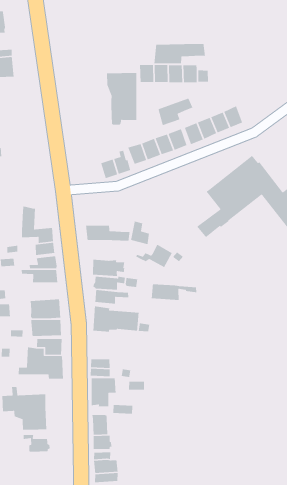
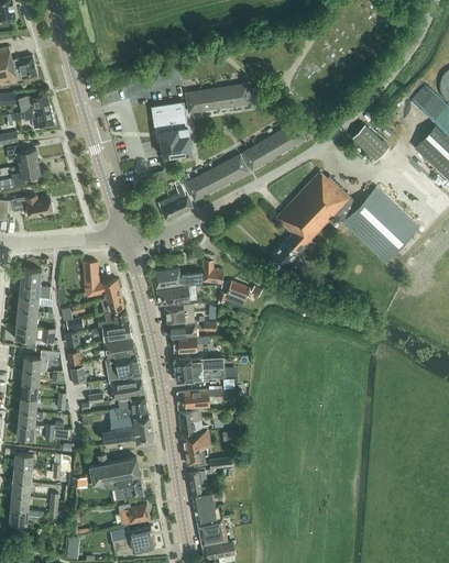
building: [154,43,206,64] -> none
building: [158,97,194,126] -> none
building: none -> [156,286,191,306]
building: [151,284,197,301] -> [177,389,227,409]
building: none -> [103,340,135,358]
building: none -> [110,526,154,552]

